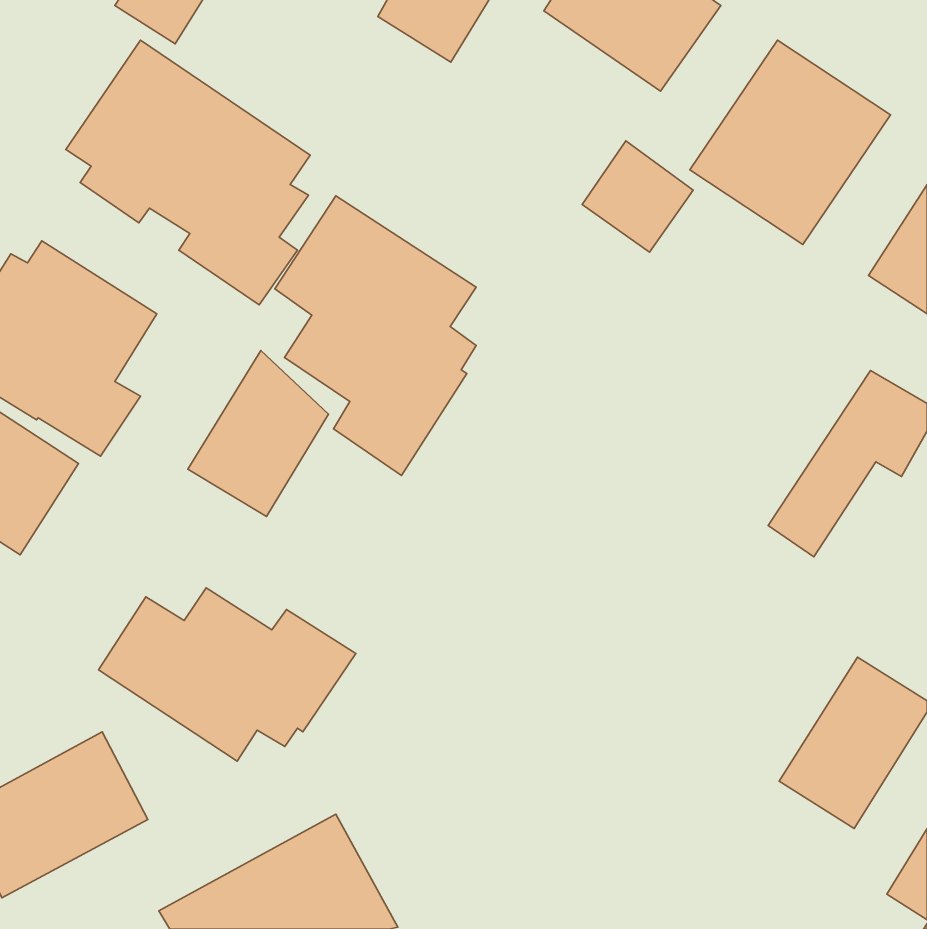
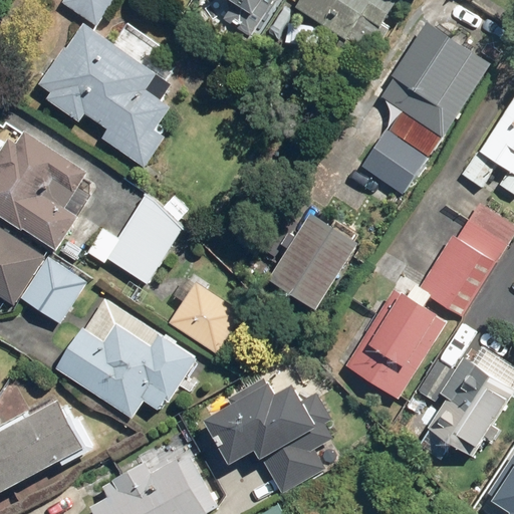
building: [582,141,693,252] -> [362,130,424,191]
building: [275,196,476,476] -> none
building: none -> [270,214,358,307]
building: none -> [19,257,84,323]
building: none -> [168,279,243,352]
building: none -> [346,289,445,396]
building: none -> [206,374,340,488]

